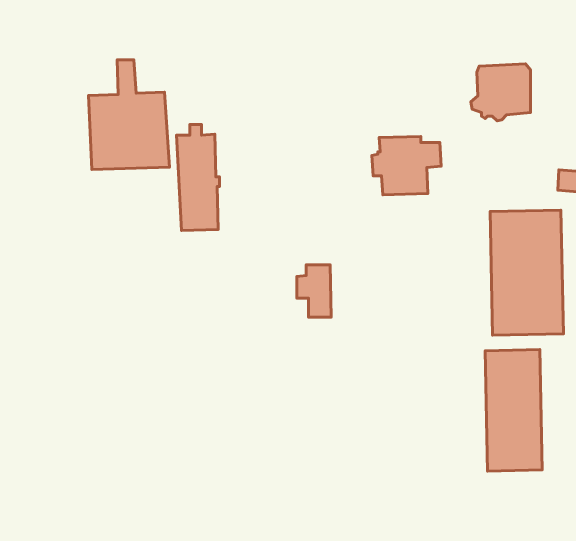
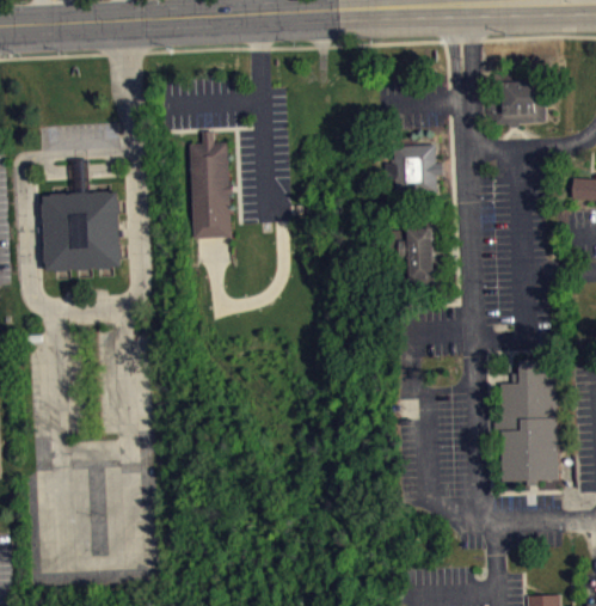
building: [88,60,169,169] -> [43,160,124,270]
building: [490,210,563,335] -> none
building: [297,265,331,317] -> [399,229,434,282]

